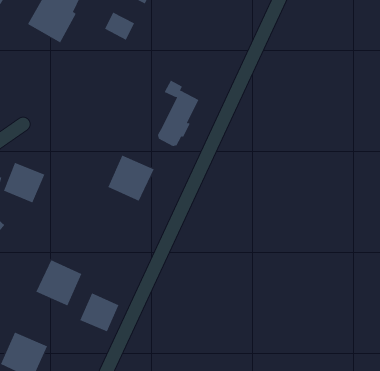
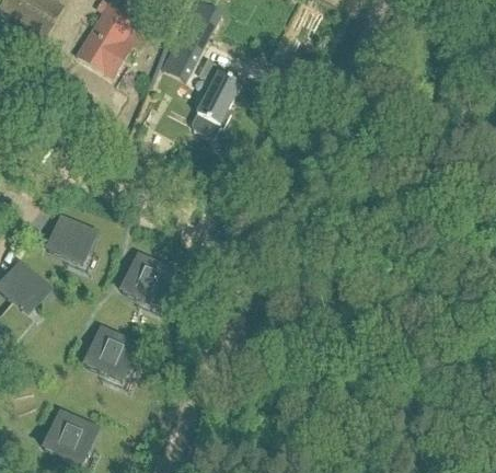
building: [157,80,199,146] -> [192,60,240,137]
building: [108,155,154,201] -> [122,253,175,307]
building: [79,292,119,332] -> none

